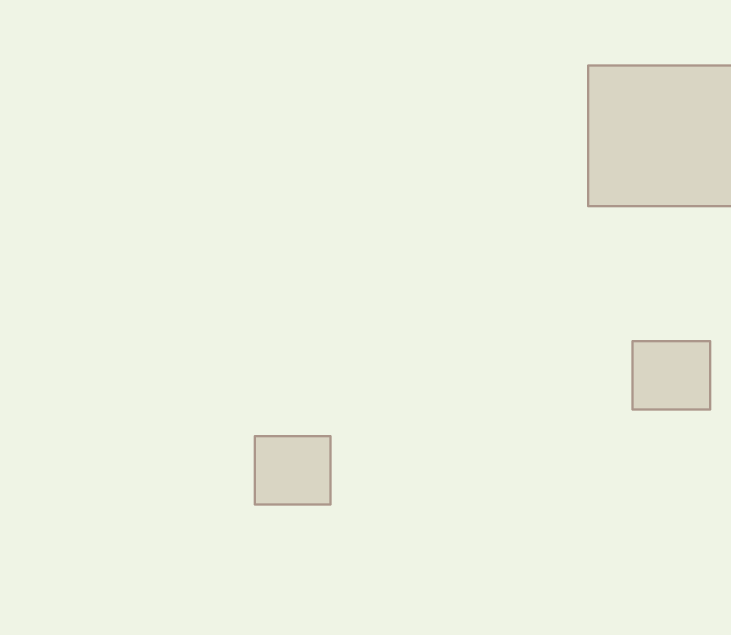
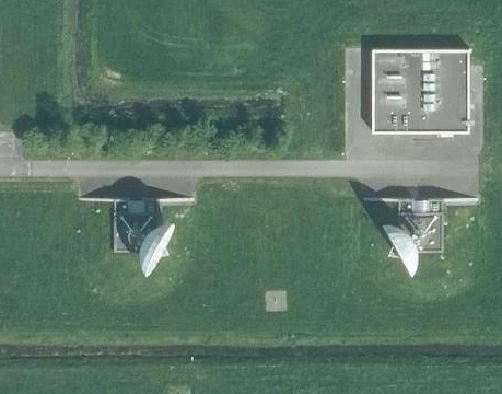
building: [255,436,331,505] -> [115,212,160,253]

